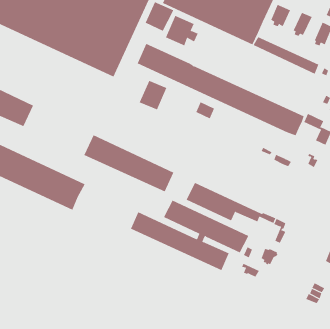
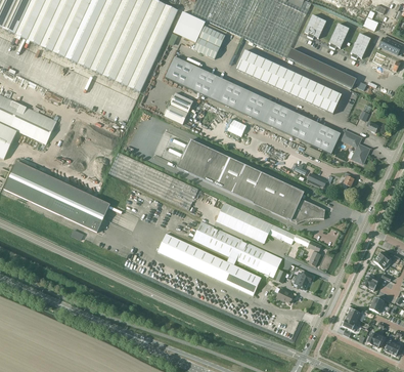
building: none -> [236,49,342,113]
building: none -> [177,138,324,223]

